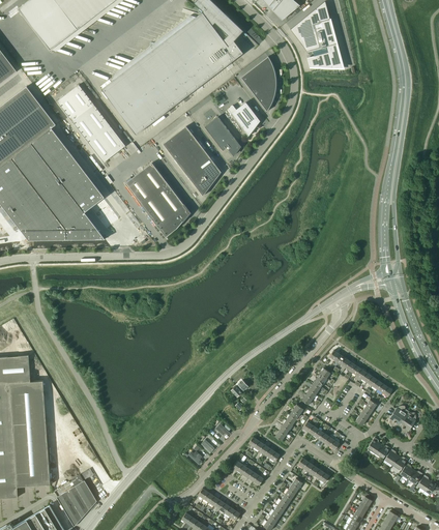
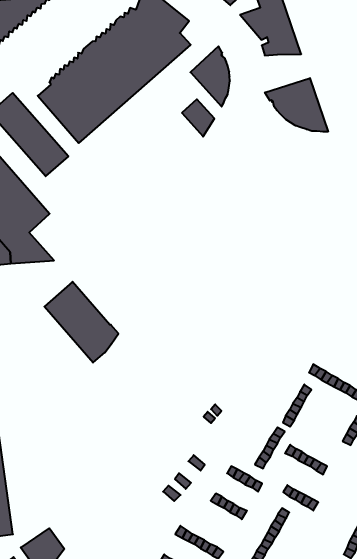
building: none -> [265,78,328,132]
building: [204,117,239,155] -> none
building: [163,126,221,196] -> none
building: [124,163,189,237] -> [44,282,118,363]

